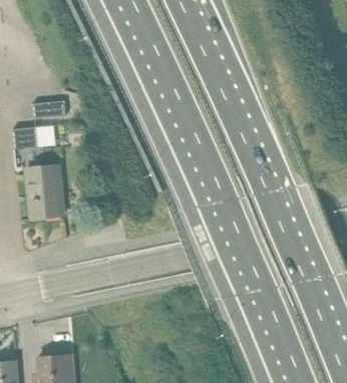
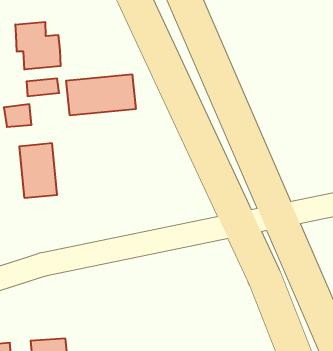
building: none -> [15,22,61,70]
building: none -> [66,74,136,115]

